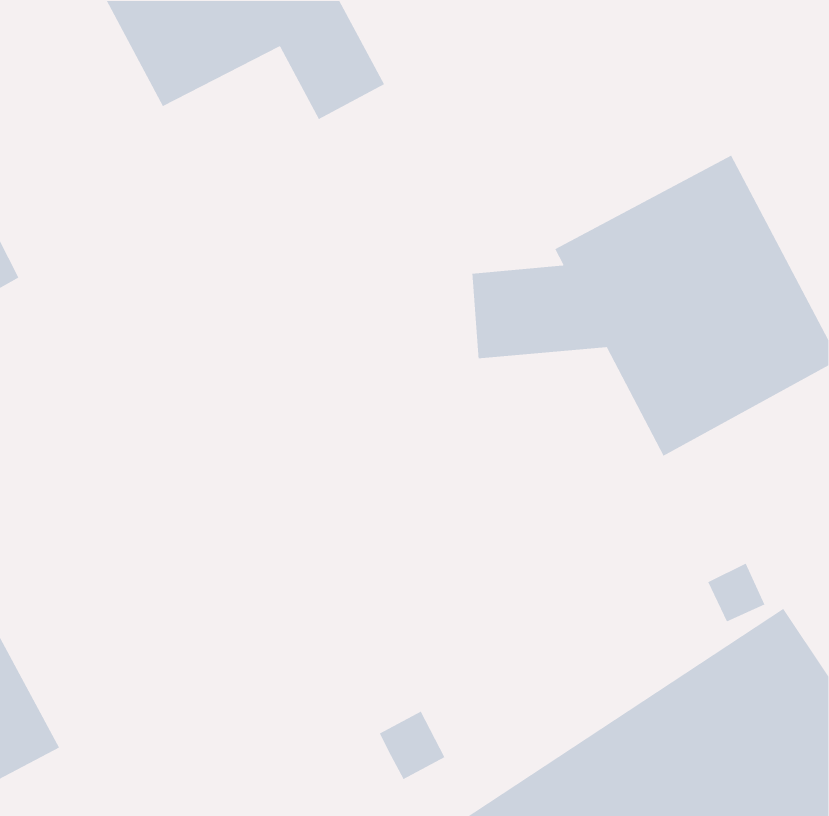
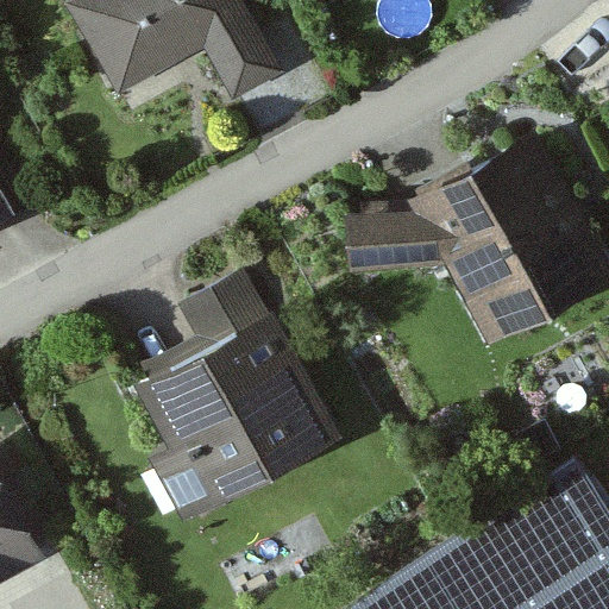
building: none -> [133,306,346,525]

